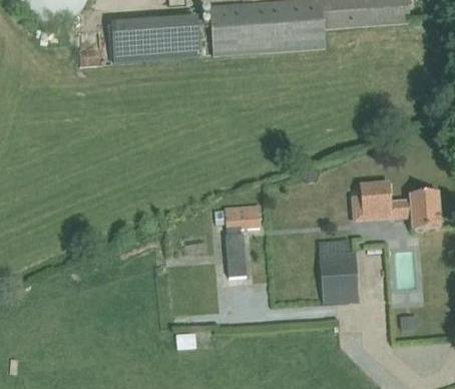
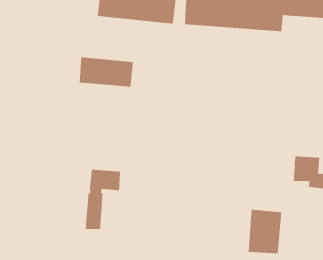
building: none -> [79,56,134,88]
building: [225,205,262,276] -> [85,169,121,230]

